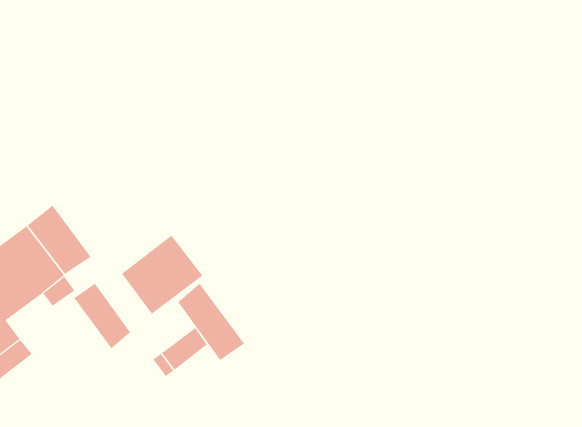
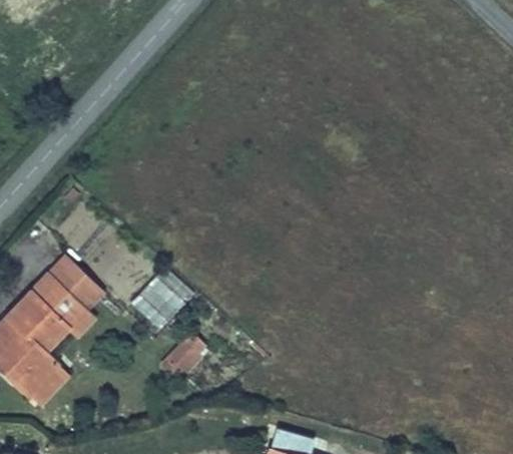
building: [177,283,245,361] -> none
building: [74,283,131,349] -> none

